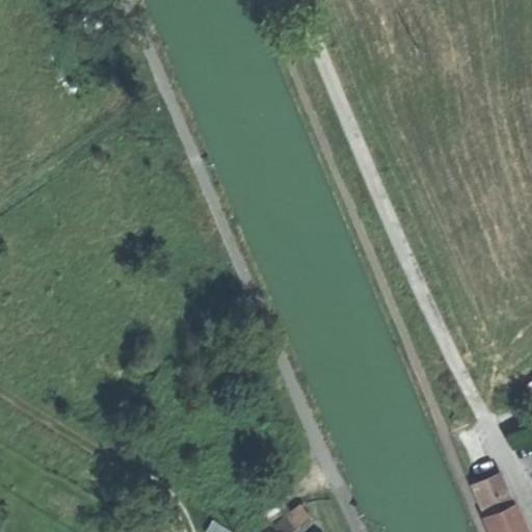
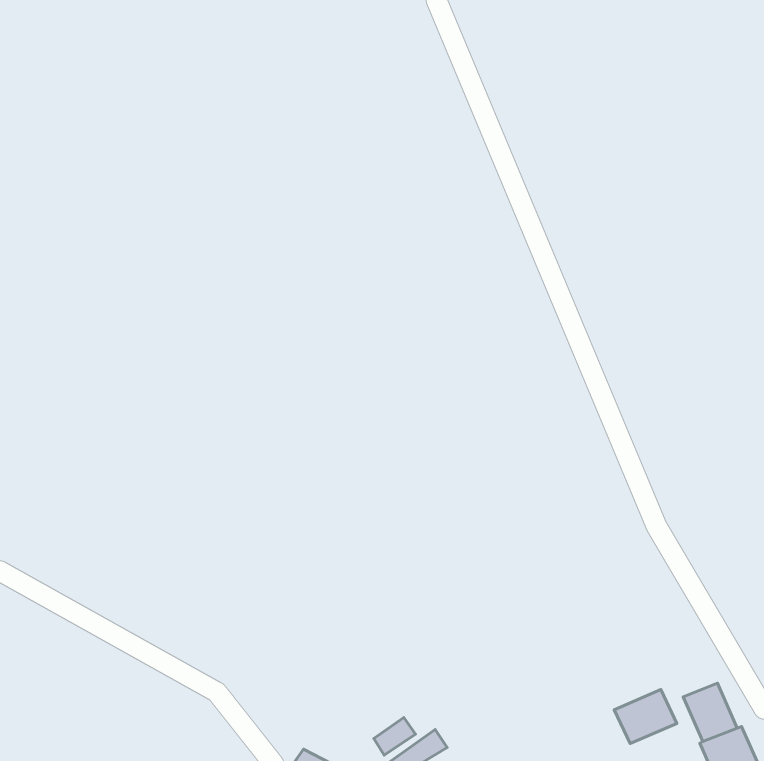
building: none -> [614,690,677,744]

